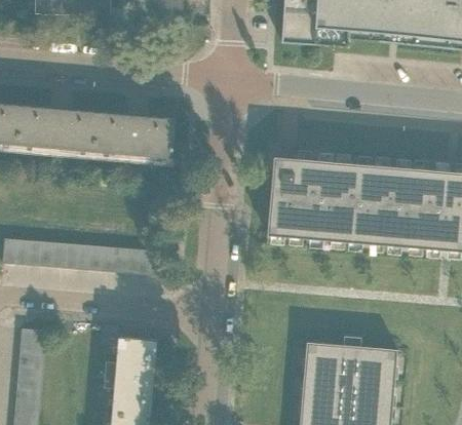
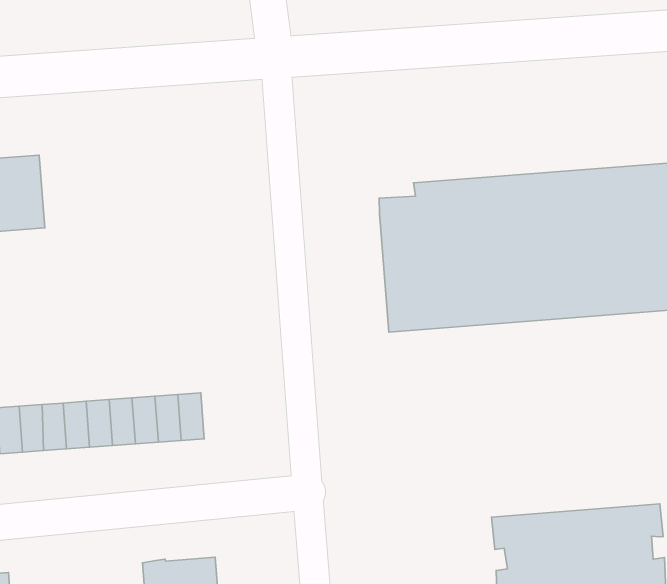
building: [93,111,174,164] -> none

